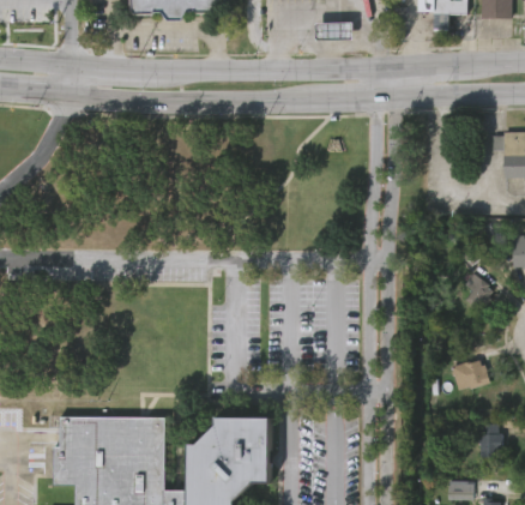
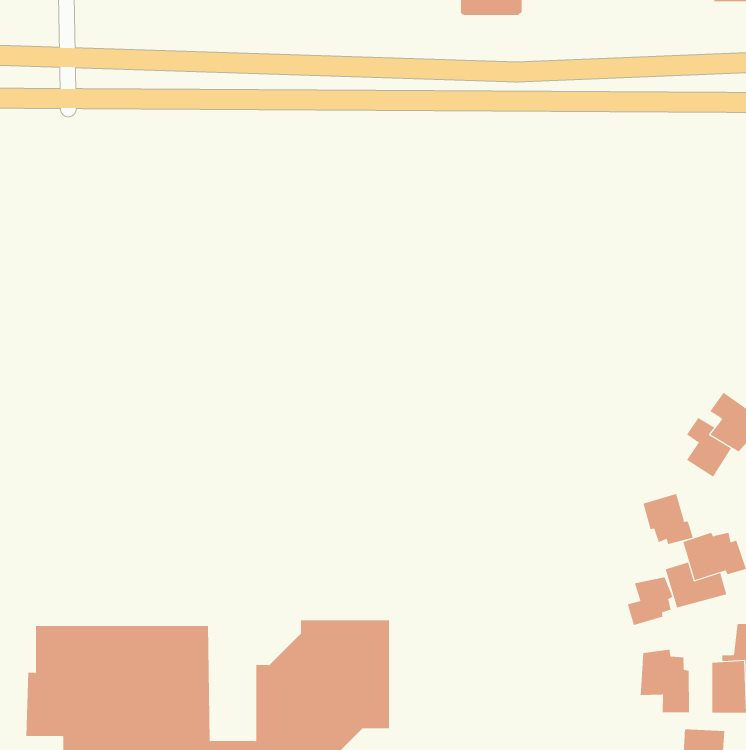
building: none -> [643,493,693,545]
building: none -> [627,576,673,626]
building: none -> [640,649,690,713]

